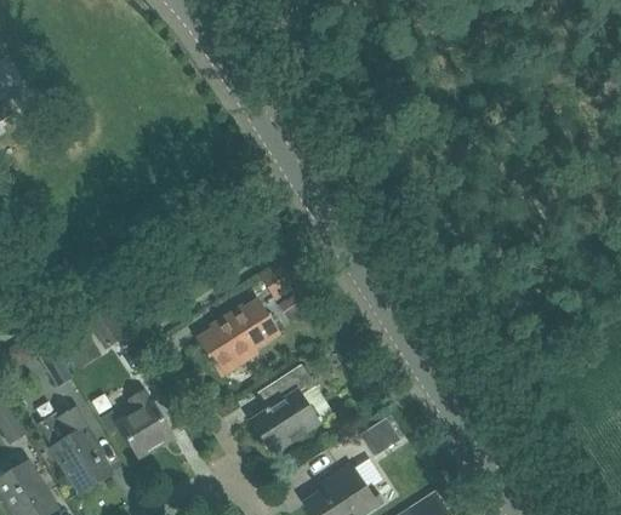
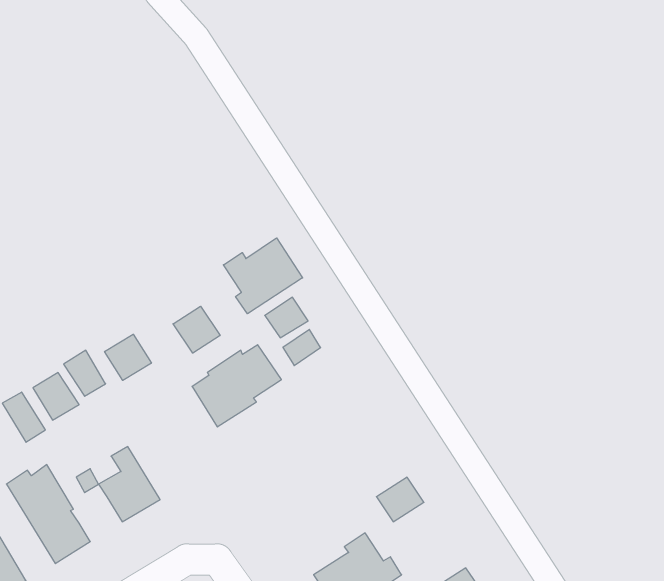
building: none -> [223,238,303,314]
building: none -> [173,306,220,353]
building: none -> [105,334,151,380]
building: [252,368,317,452] -> none

